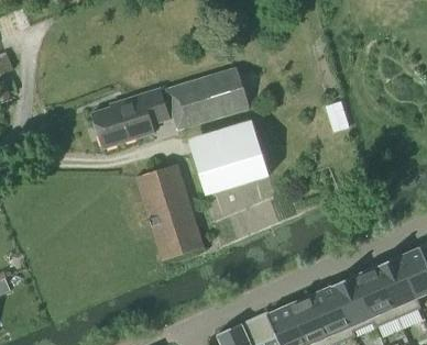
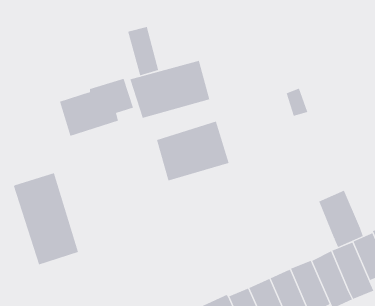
building: none -> [128,26,159,76]
building: [135,164,204,259] -> [13,172,79,265]
building: none -> [318,190,364,248]

